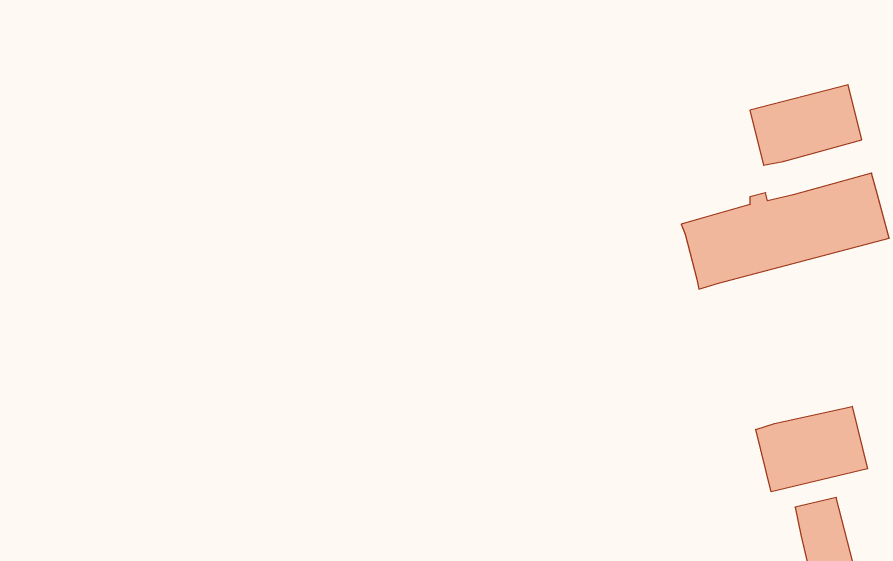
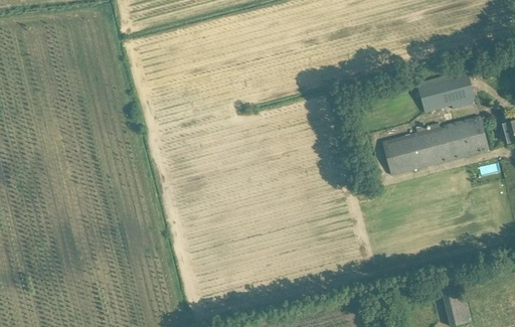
building: [756,406,868,492] -> none

